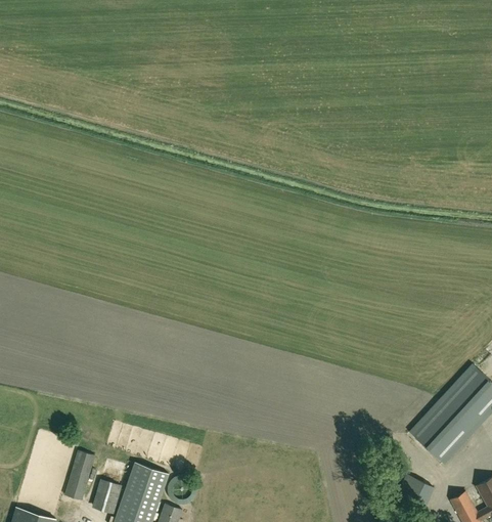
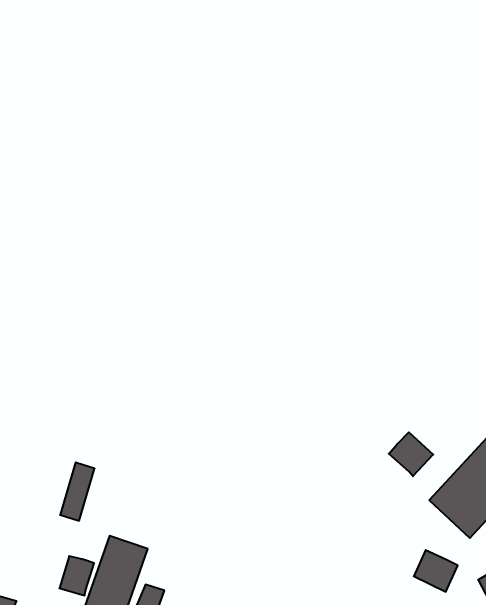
building: none -> [389,432,433,476]
building: [64,449,94,499] -> [60,462,95,521]

